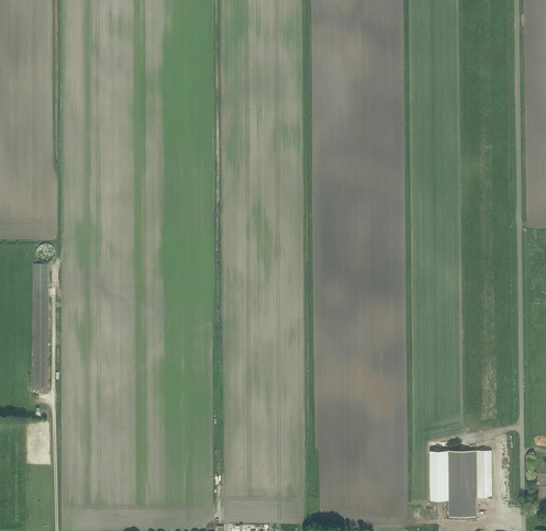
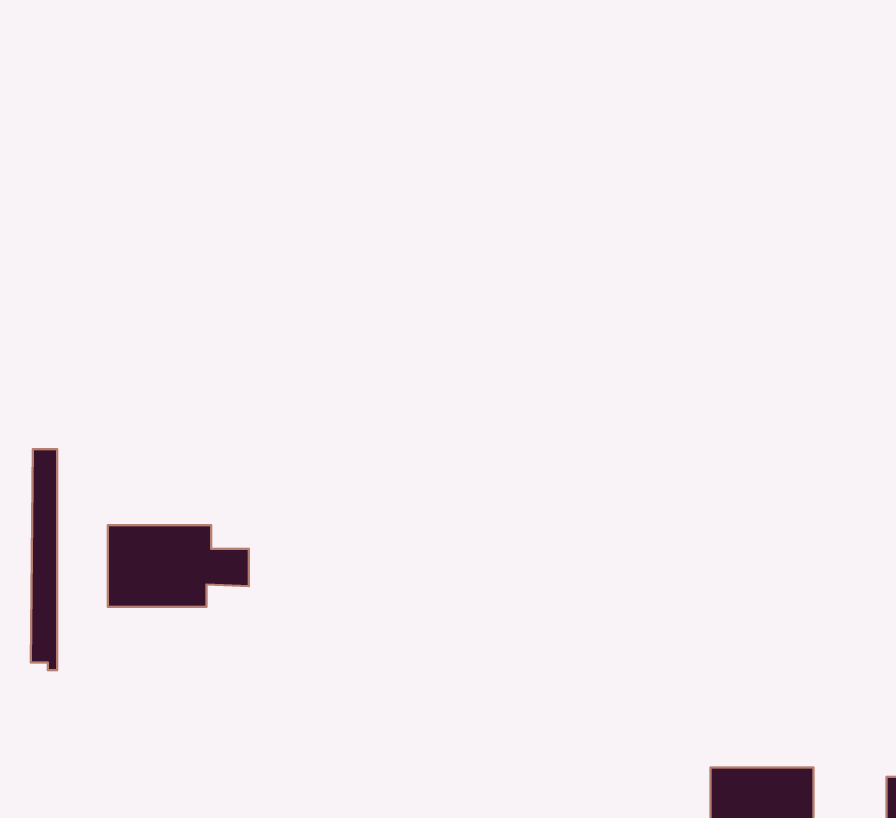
building: none -> [108,525,249,607]

